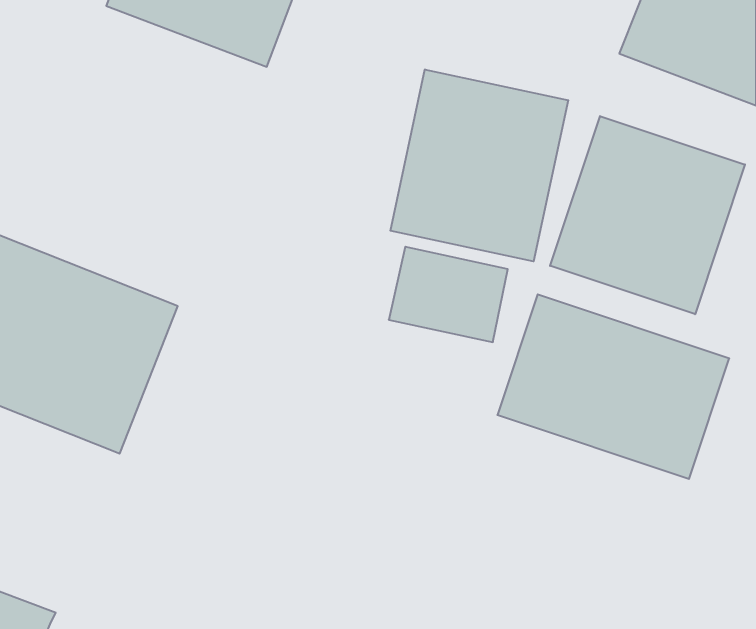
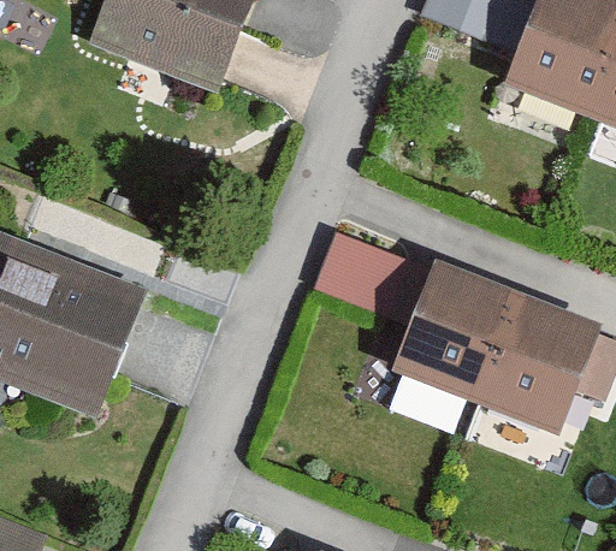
building: [390,69,568,261] -> none
building: [550,116,745,314] -> none

